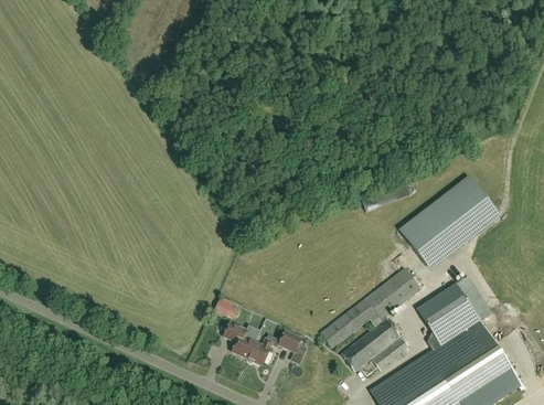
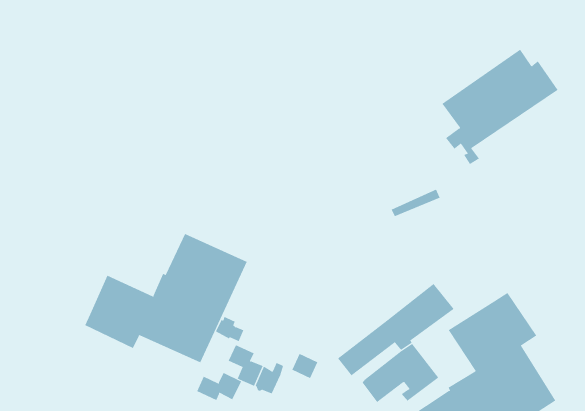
building: [399,179,501,279] -> [441,49,559,165]
building: none -> [84,233,247,363]
building: none -> [196,372,242,401]

